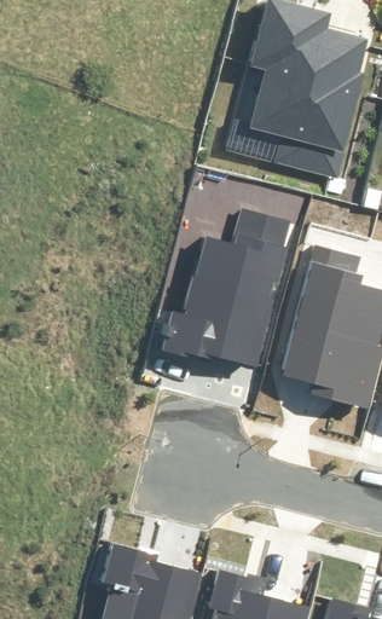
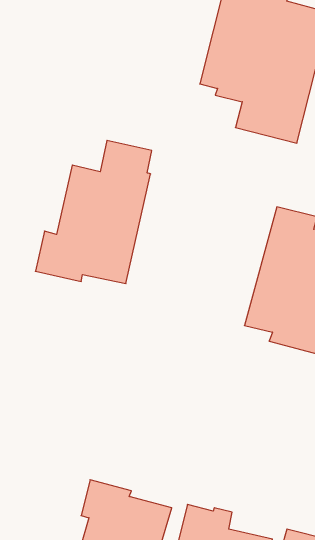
building: [164,212,290,366] -> [35,140,152,284]

